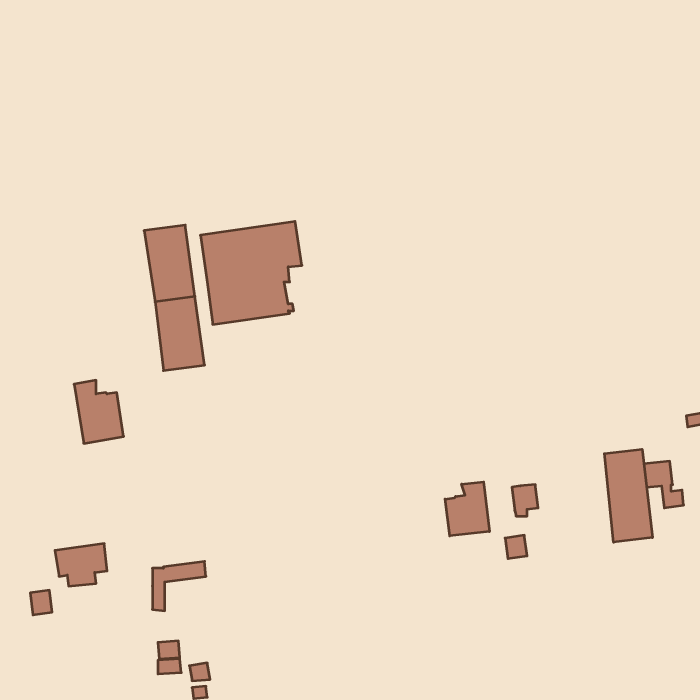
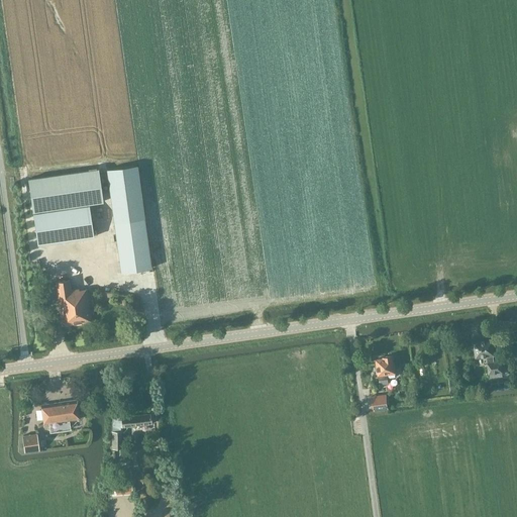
building: [200,221,302,324] -> [29,171,104,246]
building: [604,449,652,542] -> none
building: [445,482,489,536] -> none

